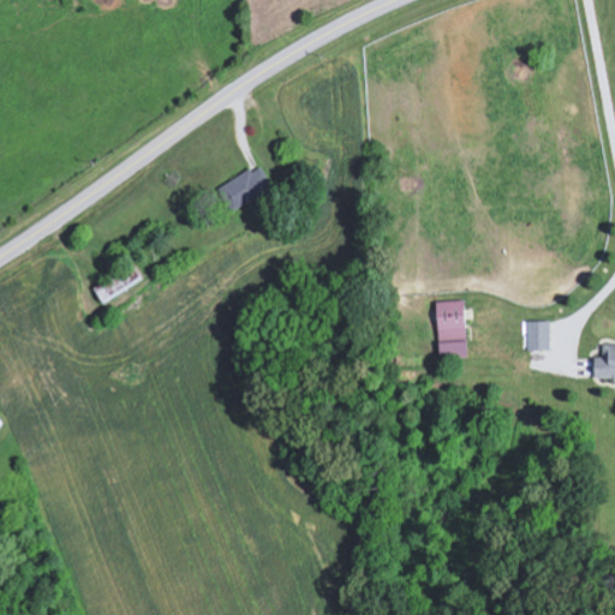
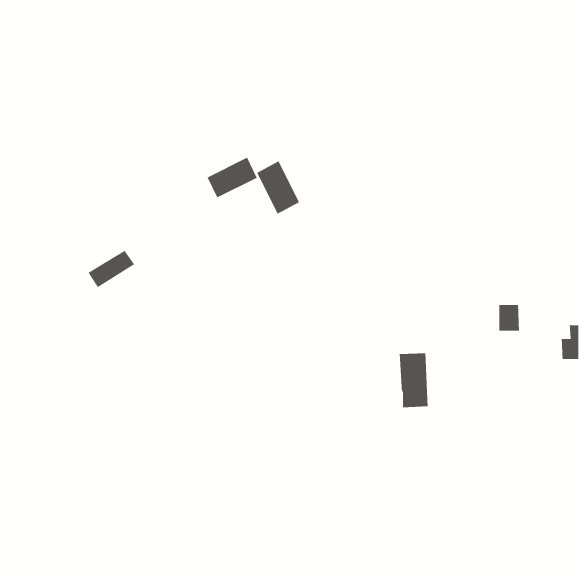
building: none -> [256,160,300,215]
building: [436,300,467,359] -> [399,352,428,408]

